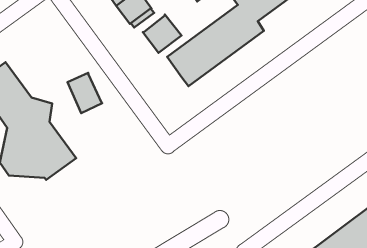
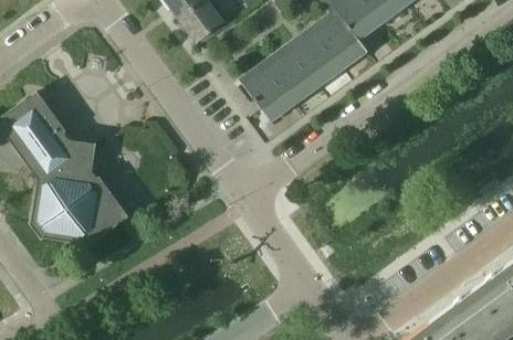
building: [143,15,181,53] -> none
building: [67,73,102,113] -> none

